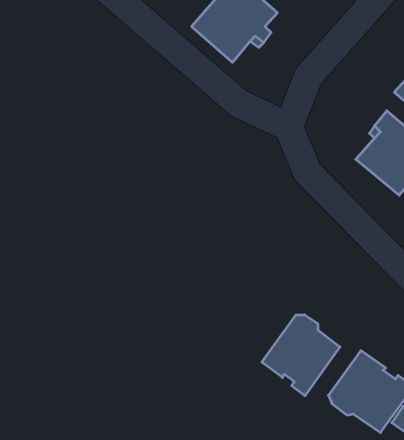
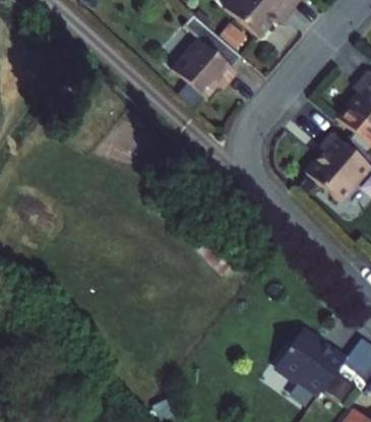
building: [262,315,340,396] -> none

